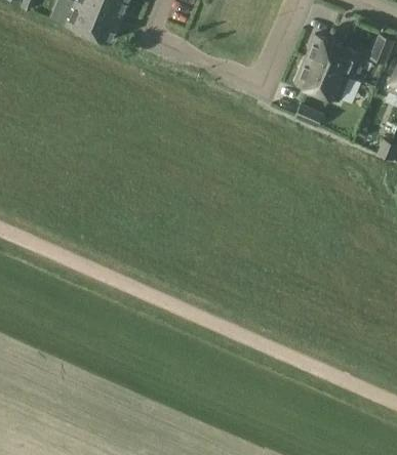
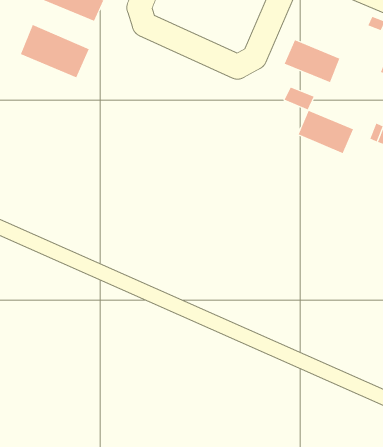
building: [306,33,360,75] -> [298,110,354,154]
building: none -> [20,24,90,78]

